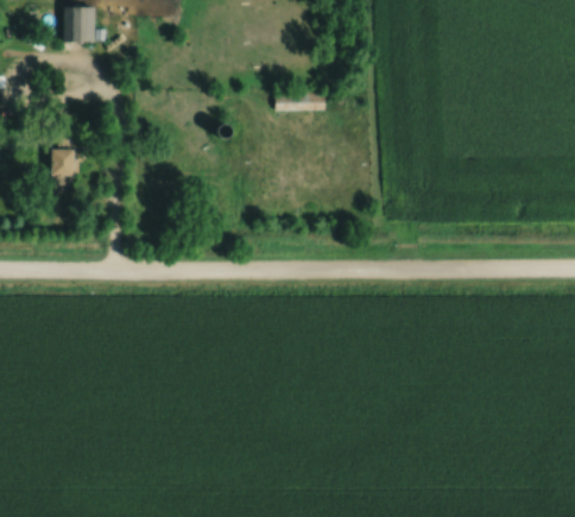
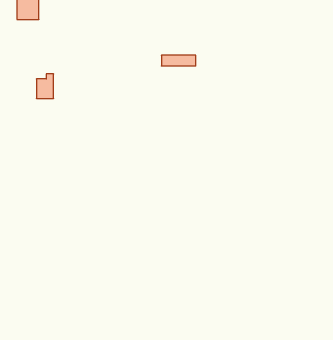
building: [52,141,77,177] -> [36,74,54,98]

